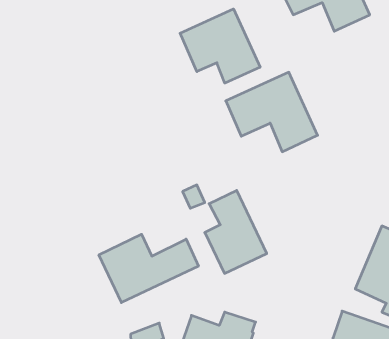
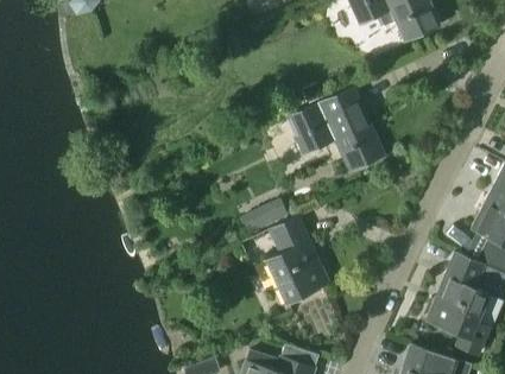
building: [180,9,260,83] -> none
building: [99,234,198,303] -> none

